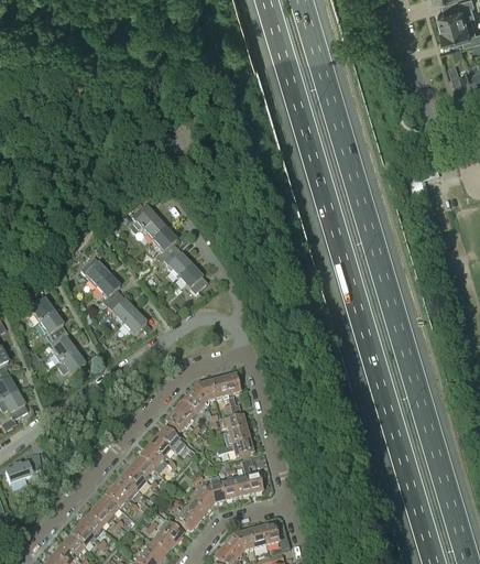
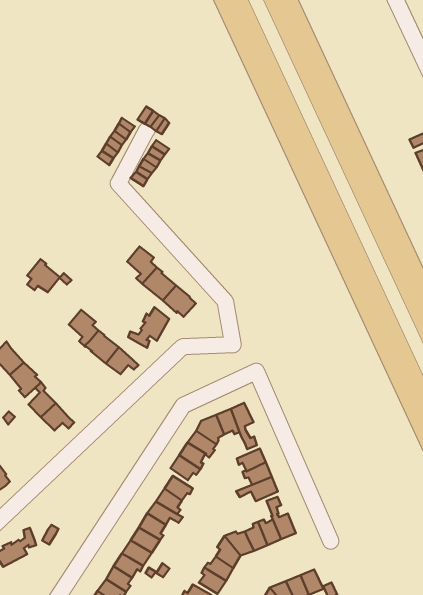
building: [129,200,165,238] -> none
building: [79,256,108,284] -> [27,259,60,292]
building: none -> [128,307,169,348]

